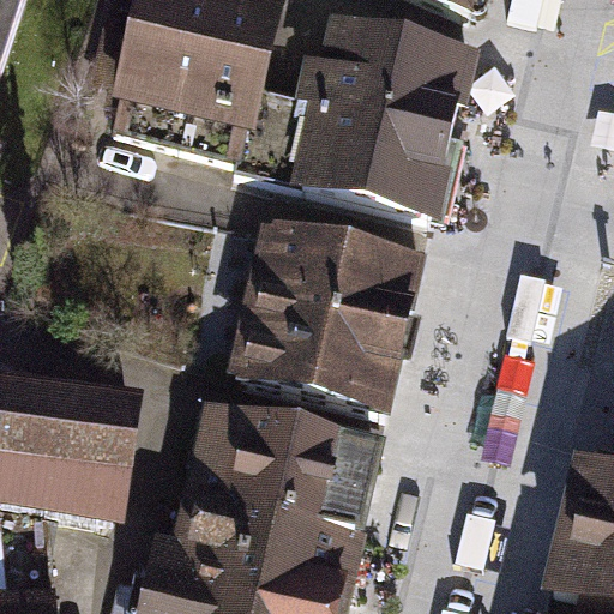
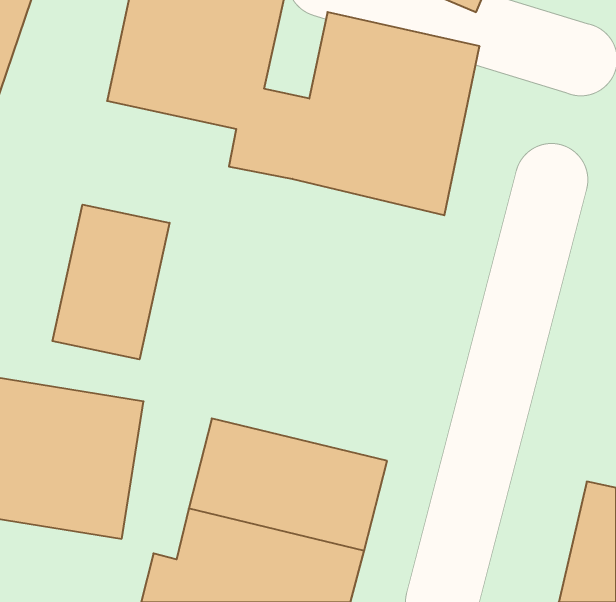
building: none -> [52,205,170,359]
building: [228,223,426,422] -> none

